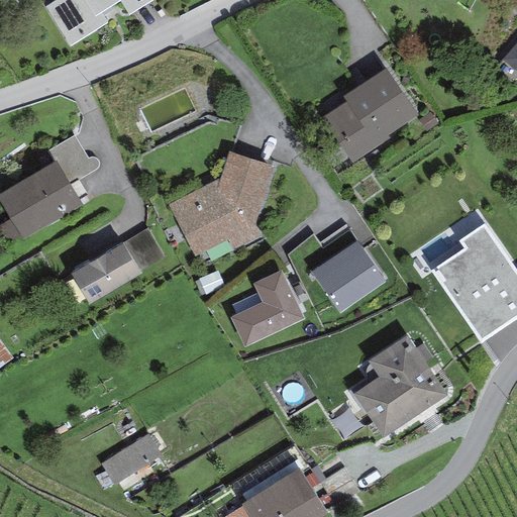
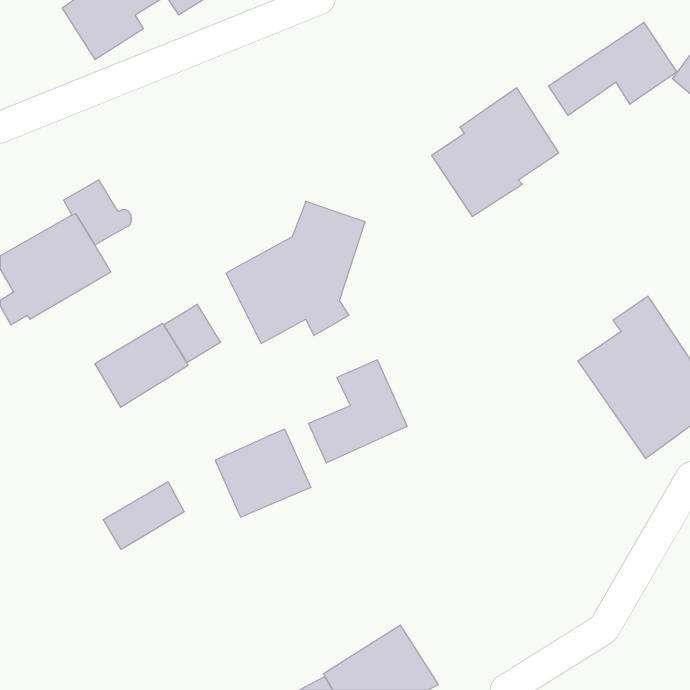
building: none -> [548,22,677,115]
building: [311,240,386,312] -> none
building: none -> [216,429,311,517]
building: [354,334,447,437] -> none
building: [101,433,162,484] -> [103,482,184,549]

